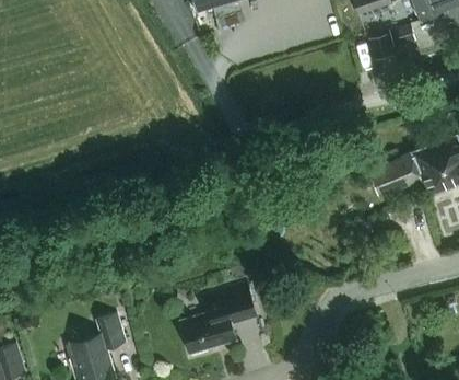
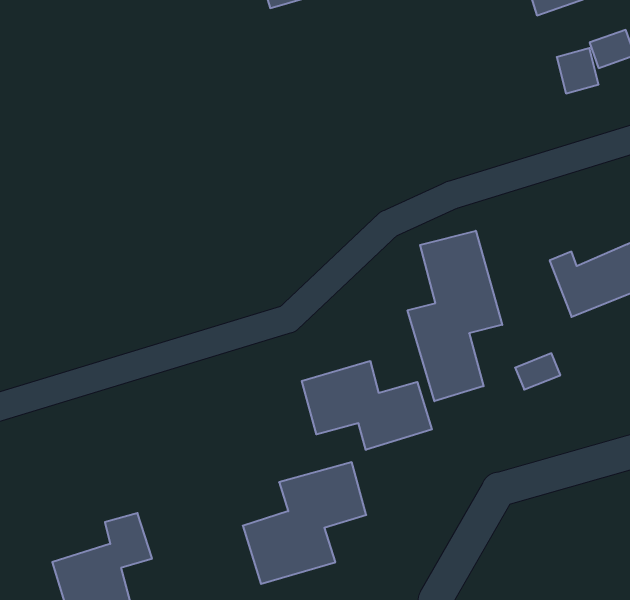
building: none -> [408,231,502,401]
building: none -> [302,361,432,450]

